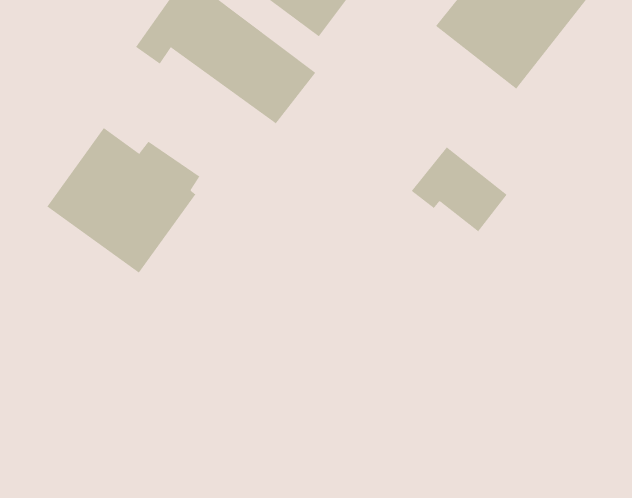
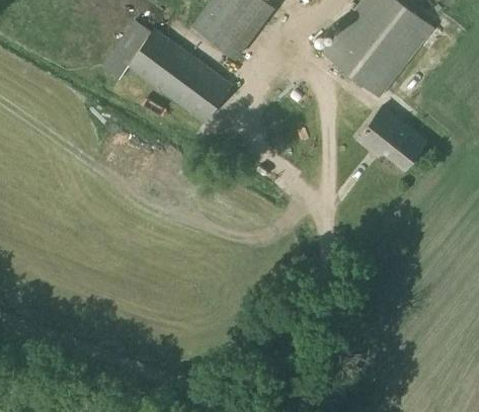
building: [46,127,200,273] -> none
building: [411,147,507,232] -> [356,107,427,170]

